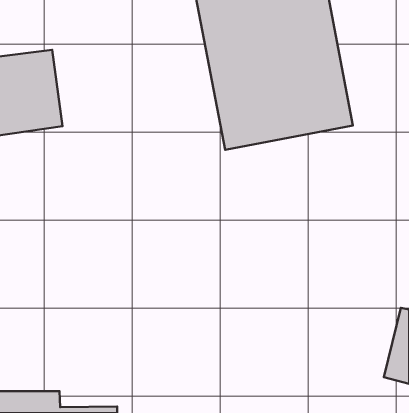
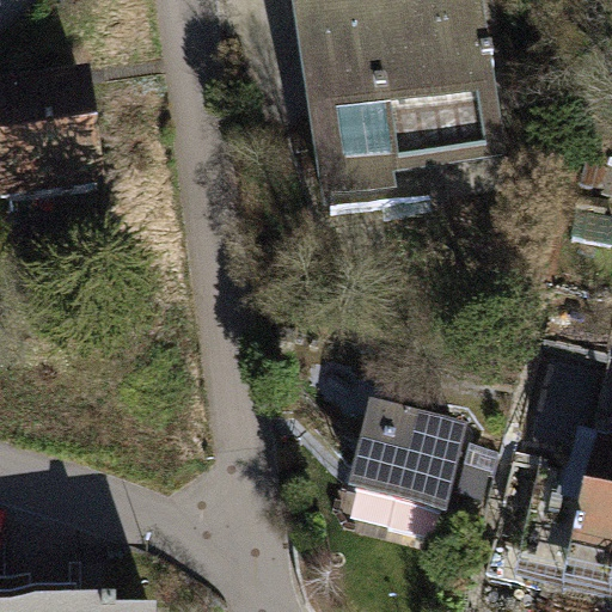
building: none -> [341,416,451,539]

